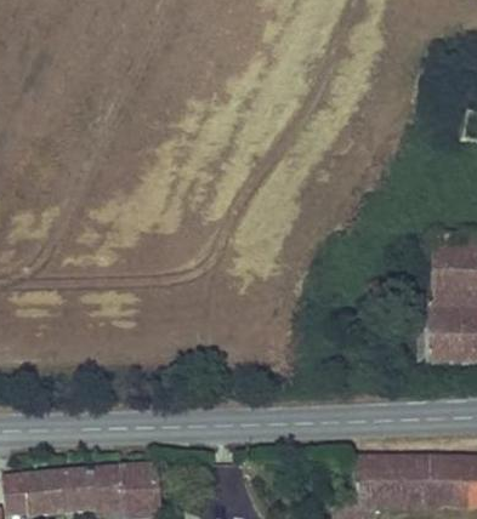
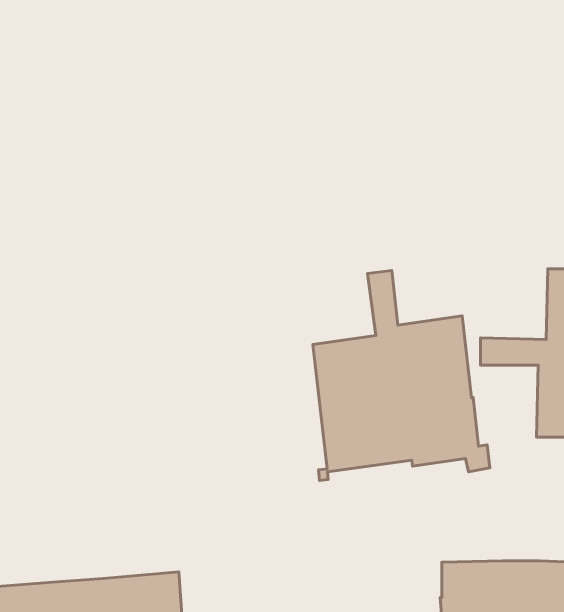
building: none -> [313,271,490,480]

